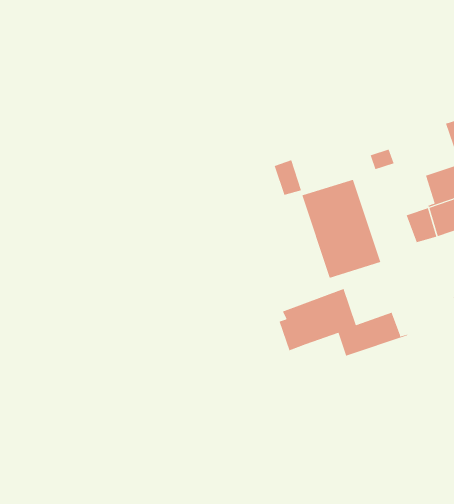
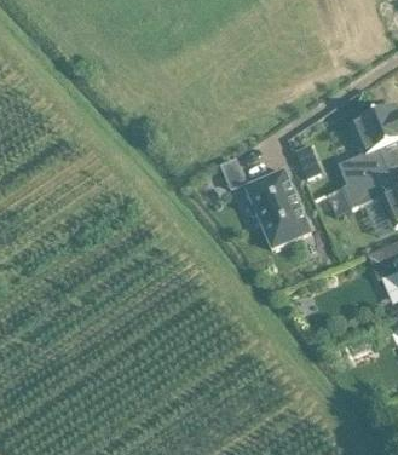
building: [279,288,408,357] -> none

